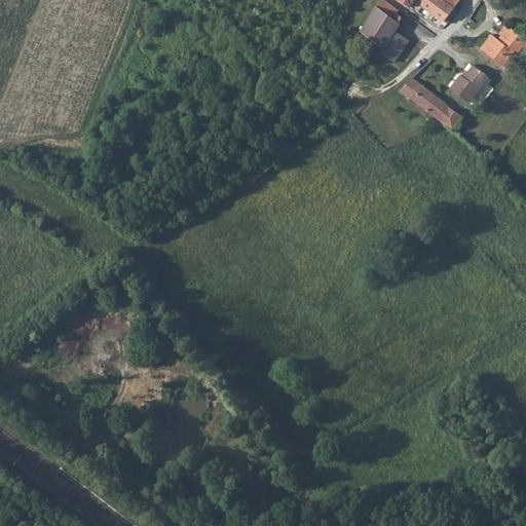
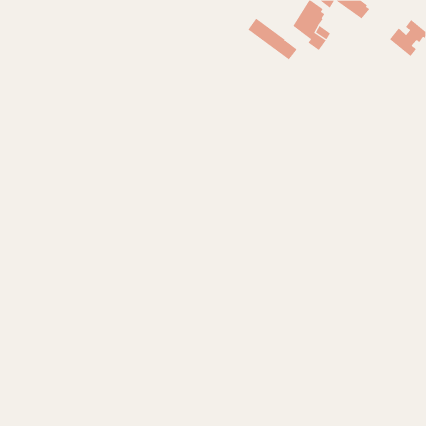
building: [451,64,489,102] -> none
building: [401,77,462,129] -> [248,18,298,60]

